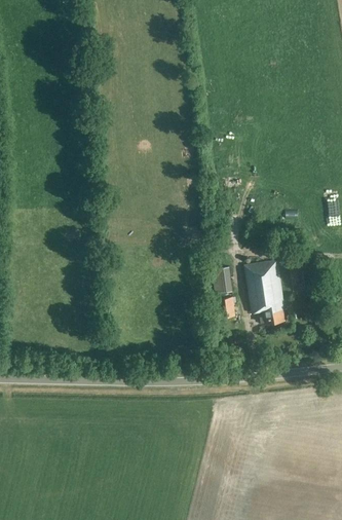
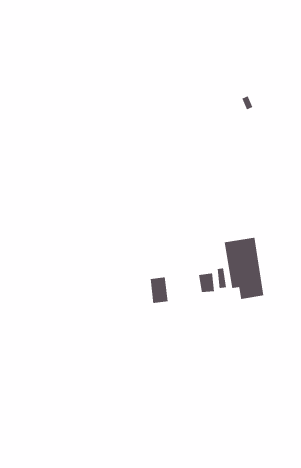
building: [213,265,232,293] -> [150,277,168,304]

